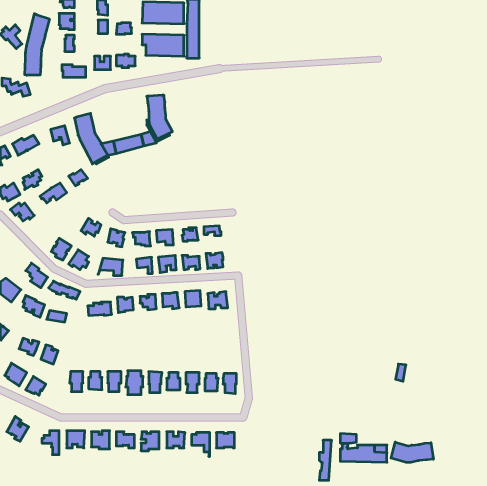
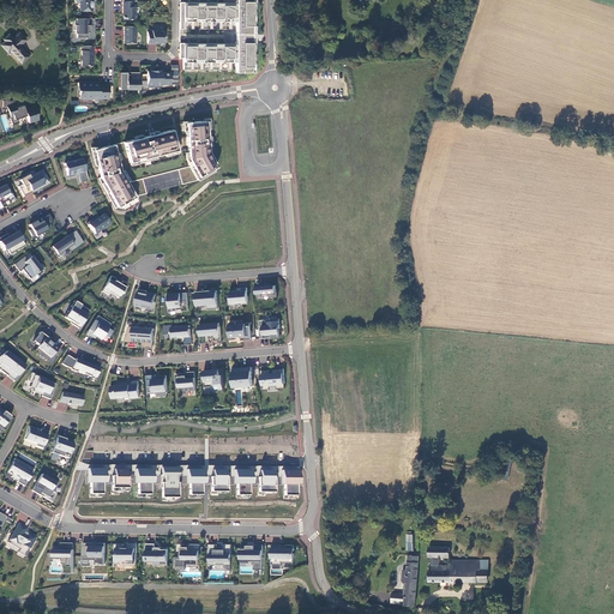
building: [25,14,49,75] -> none
building: none -> [124,128,177,162]
building: [391,442,433,462] -> none

